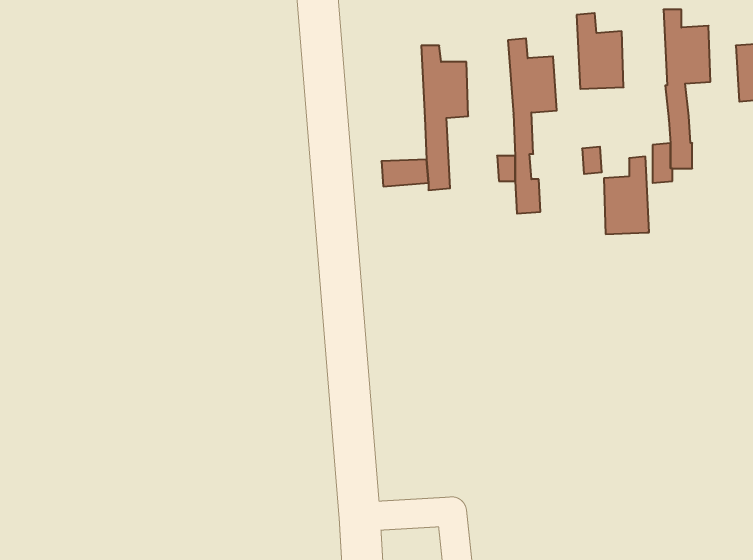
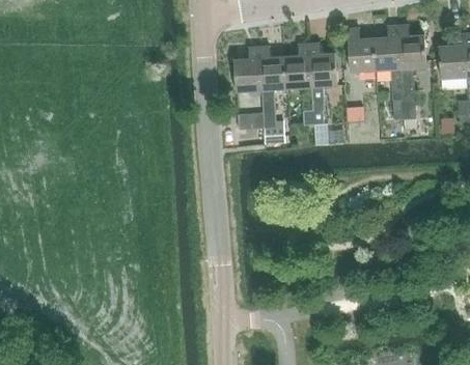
building: none -> [285,44,312,87]
building: none -> [236,47,261,90]
building: [604,157,649,234] -> [375,26,400,71]

